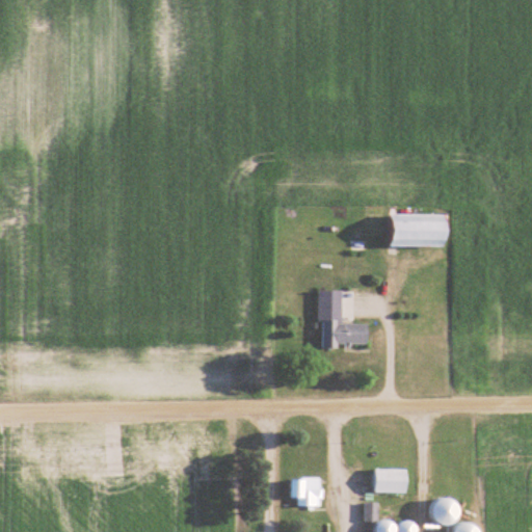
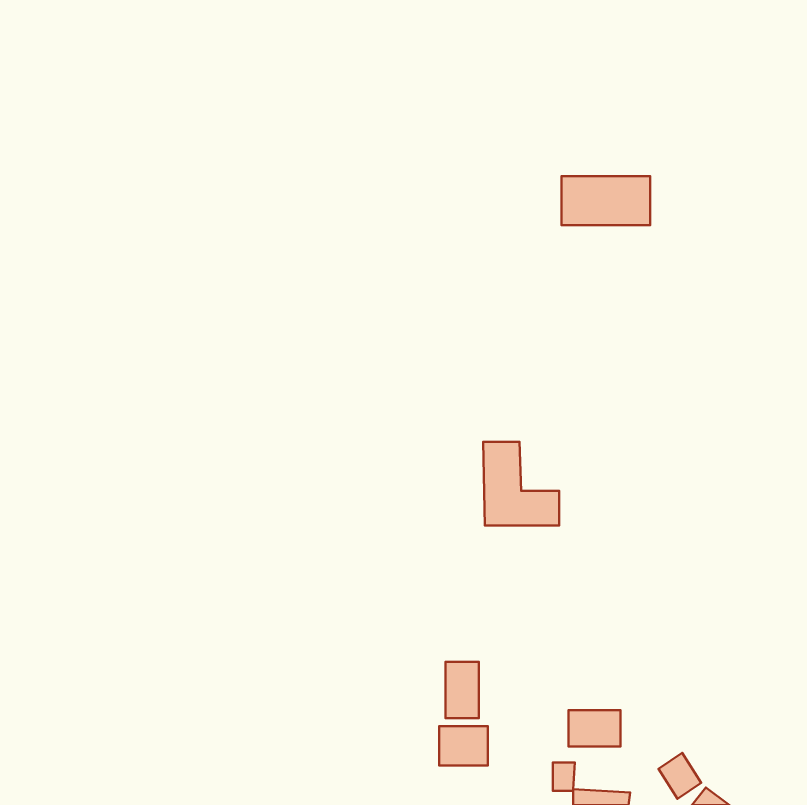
building: [392,214,450,246] -> [562,176,650,225]
building: none -> [445,662,479,718]

